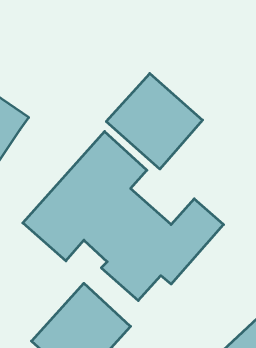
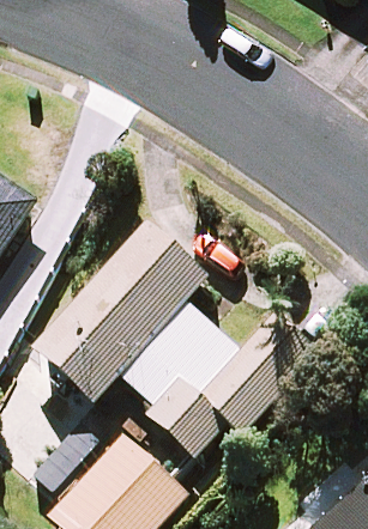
building: [106,73,203,169] -> none

